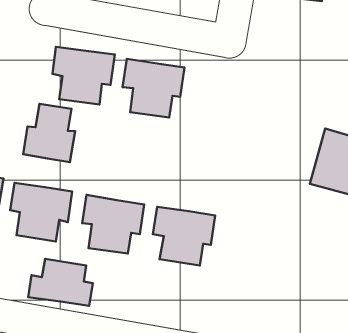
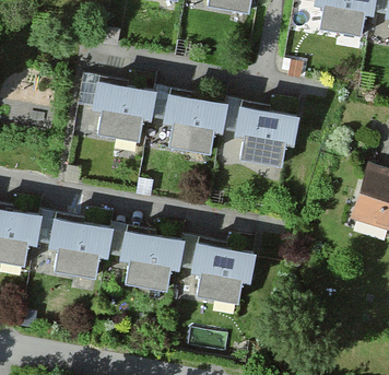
building: none -> [237,108,299,167]
building: [23,104,75,162] -> none
building: [28,259,93,306] -> none

